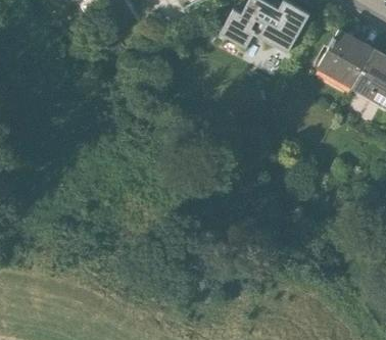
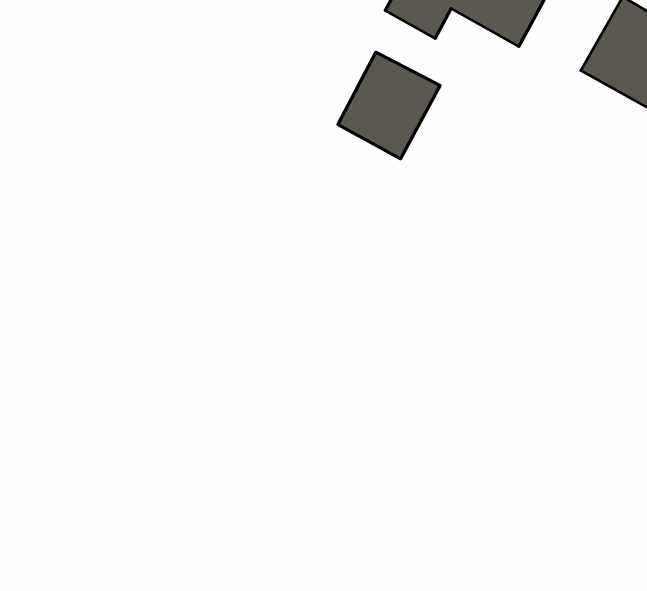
building: none -> [338,52,440,159]

